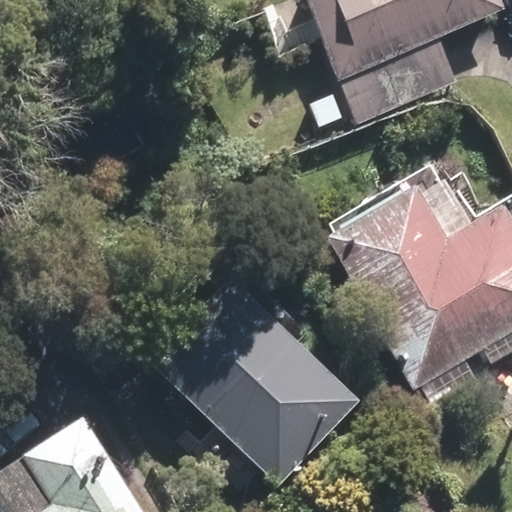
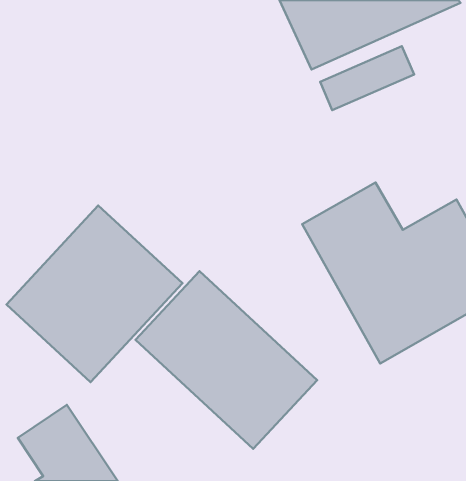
building: none -> [6,205,182,382]

